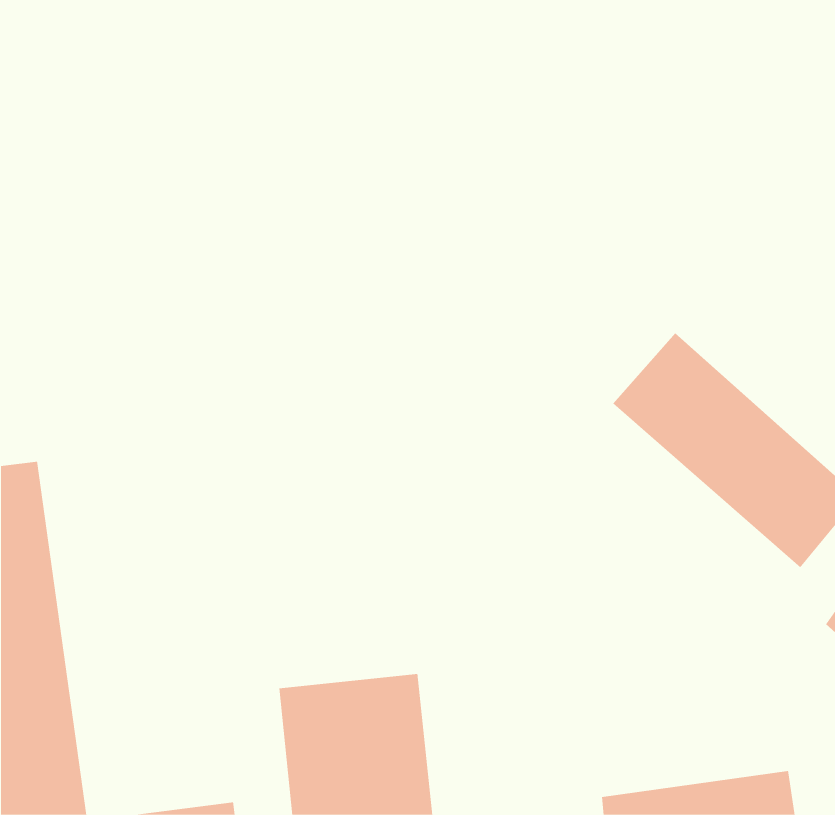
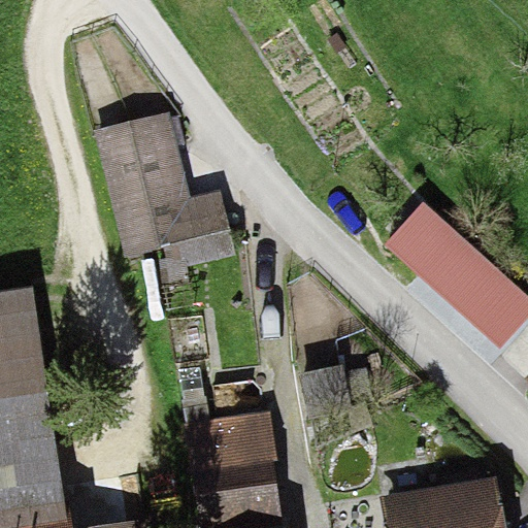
building: none -> [94,114,240,273]

